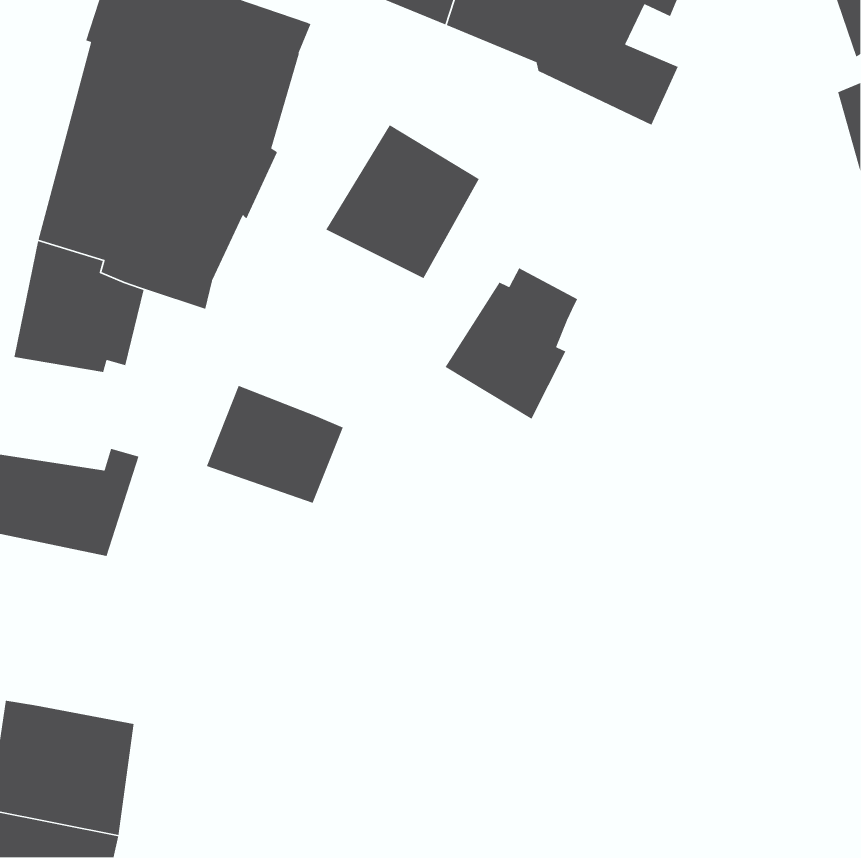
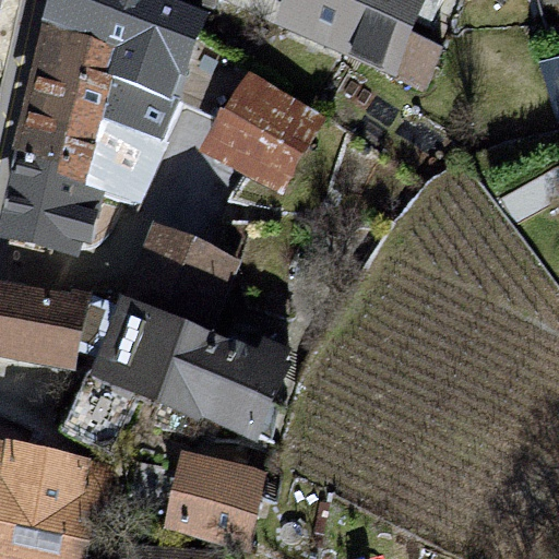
building: [445,267,578,420] -> none
building: none -> [61,305,287,450]
building: none -> [175,461,258,536]

